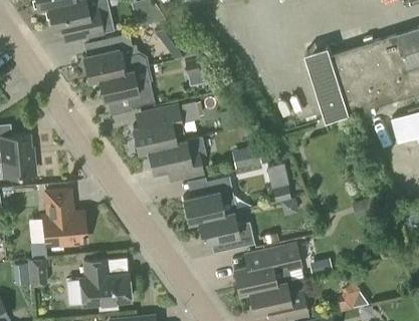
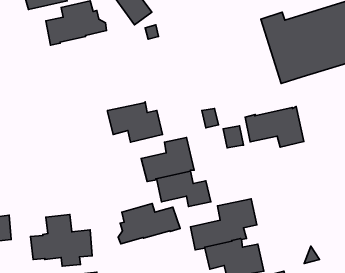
building: [96,66,154,109] -> none
building: [131,101,198,152] -> none
building: none -> [245,107,304,147]
building: [42,190,85,246] -> none
building: none -> [118,204,180,244]

